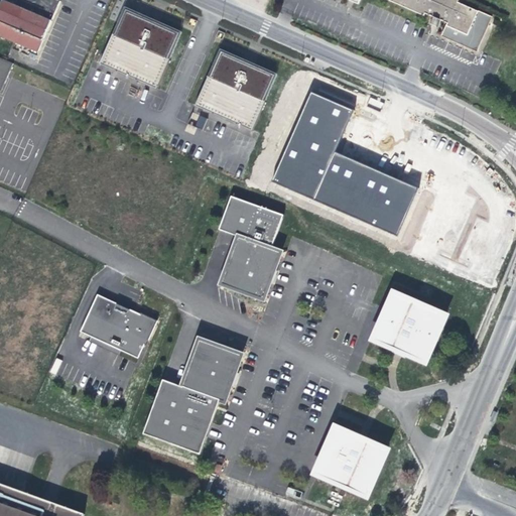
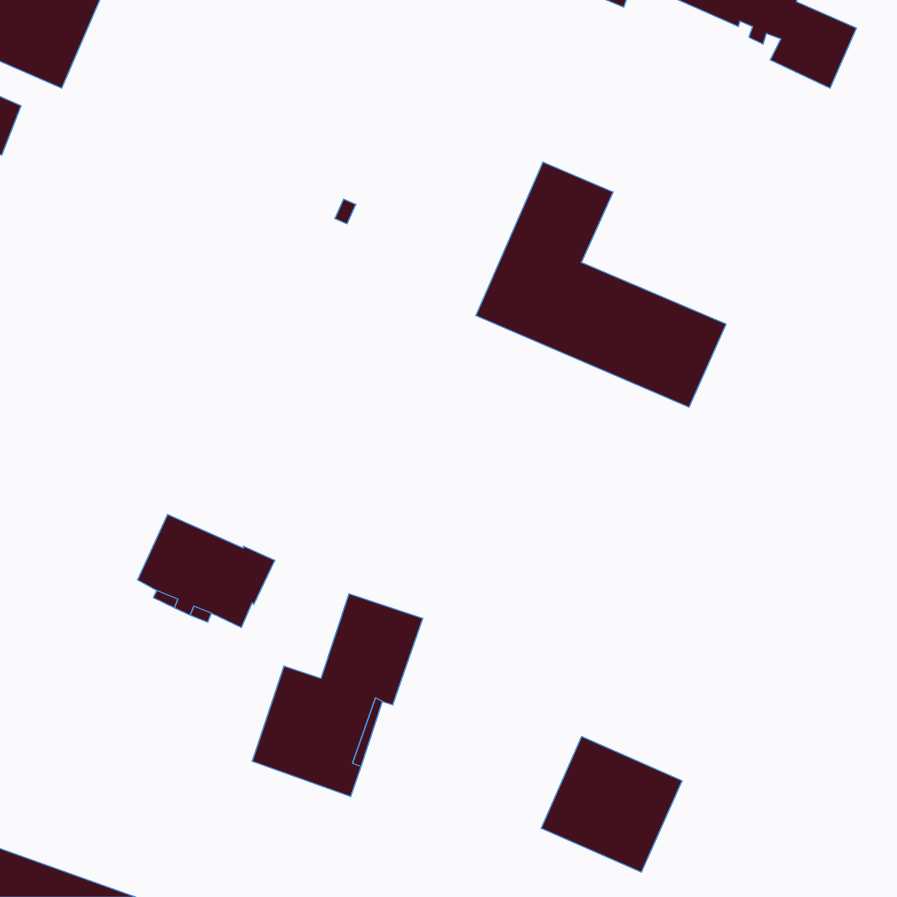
building: [97,5,178,87] -> none
building: [192,46,274,129] -> none
building: [216,195,281,301] -> none
building: [367,287,448,365] -> none

